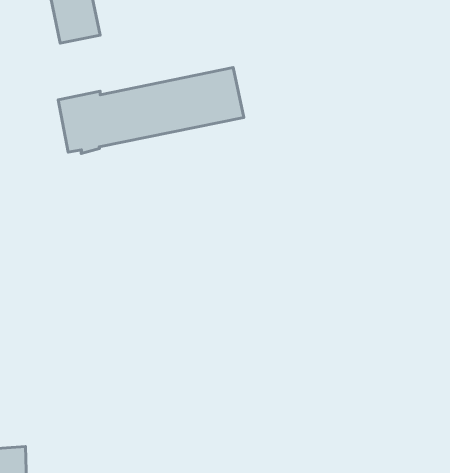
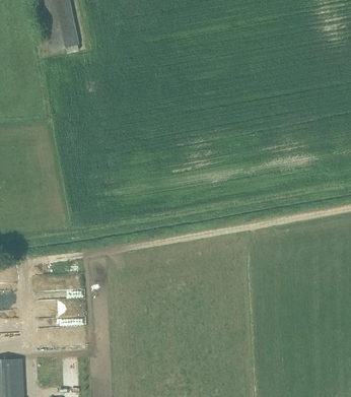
building: [58,67,244,153] -> none

